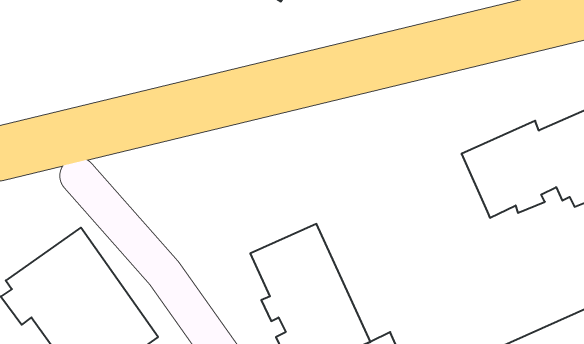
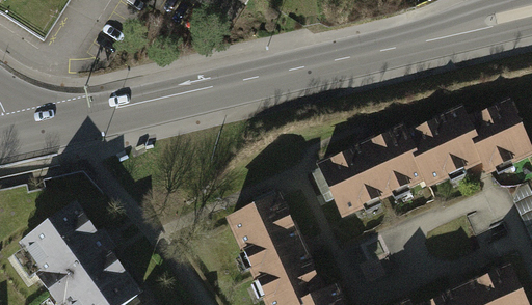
building: none -> [314,128,424,220]

